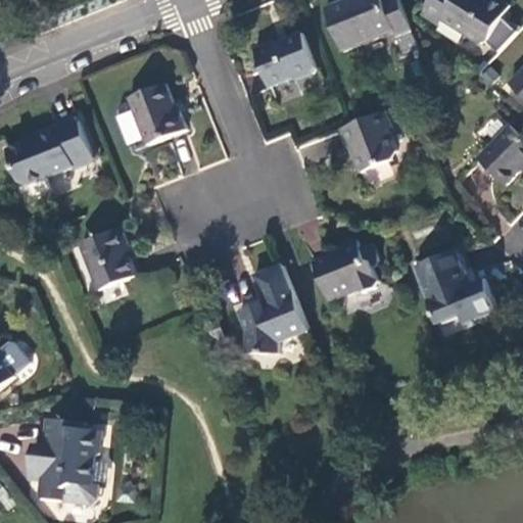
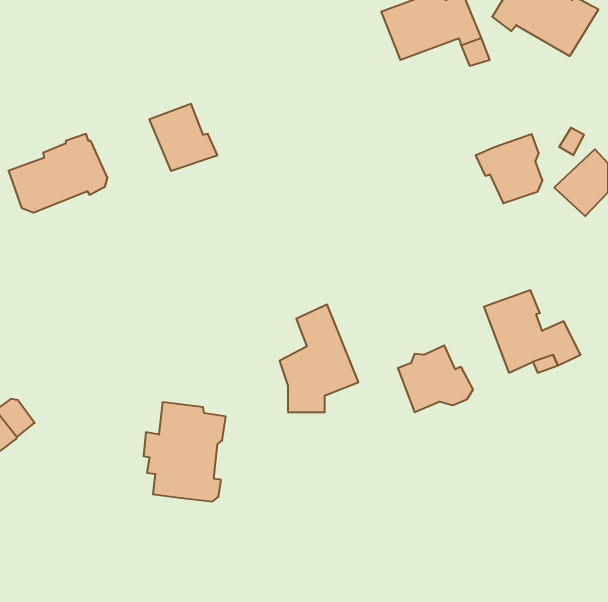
building: [255,37,318,89] -> none
building: [338,113,395,173] -> [476,134,543,203]
building: [80,229,132,292] -> none
building: [315,242,379,299] -> [398,345,473,412]
building: [30,417,100,502] -> [143,402,226,501]

